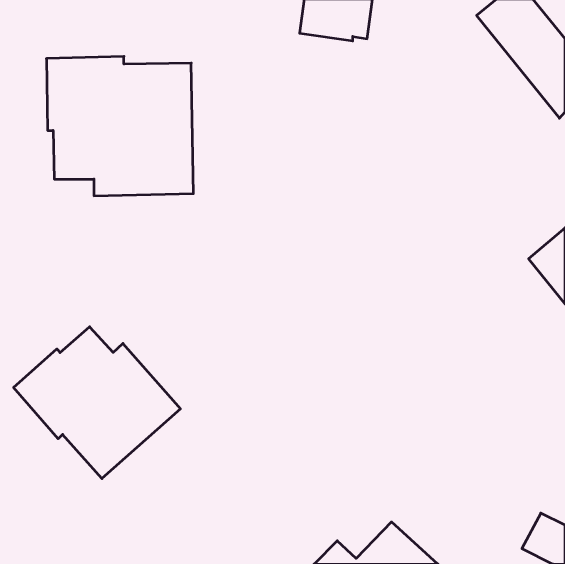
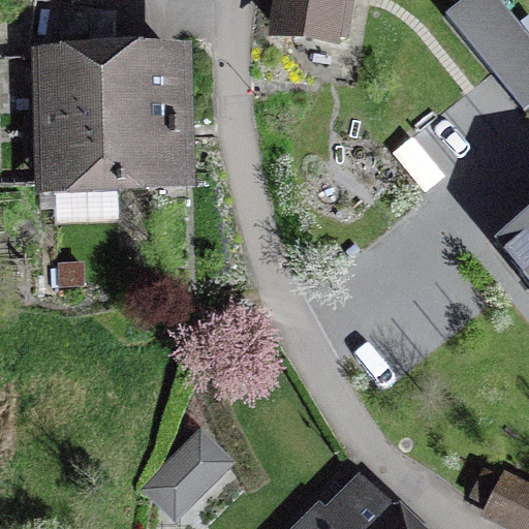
building: [14,327,180,479] -> none
building: none -> [143,425,242,520]

